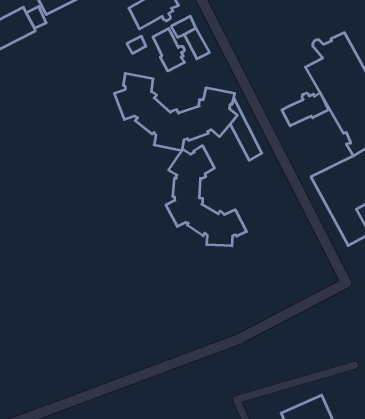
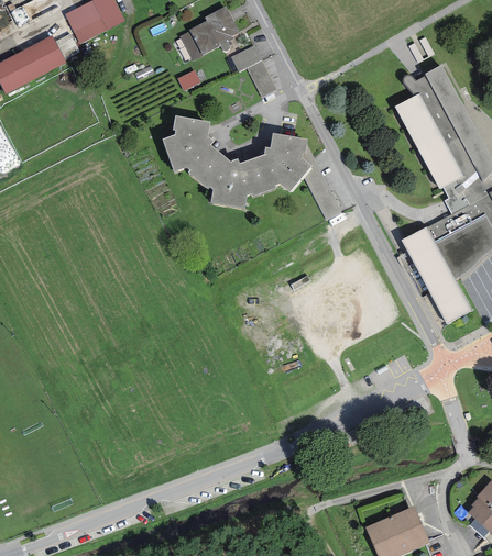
building: [153,28,185,71] -> none
building: [282,93,329,126] -> none
building: [166,146,247,246] -> none

